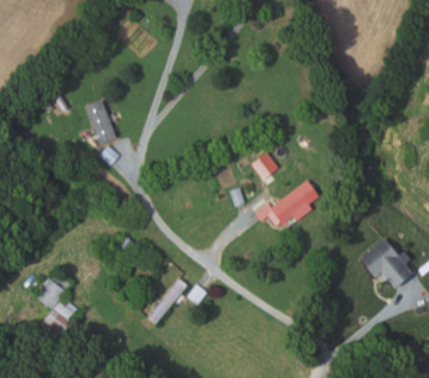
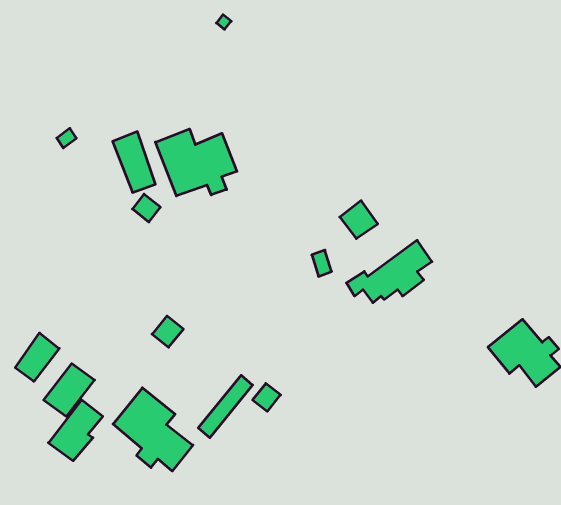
building: none -> [155,129,237,196]
building: none -> [15,333,59,381]
building: none -> [113,388,193,471]

